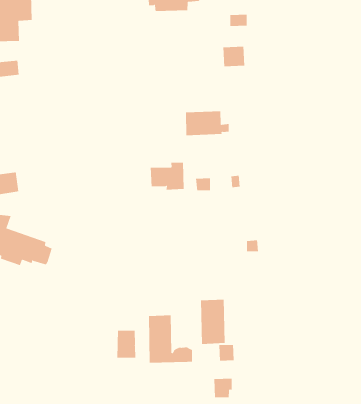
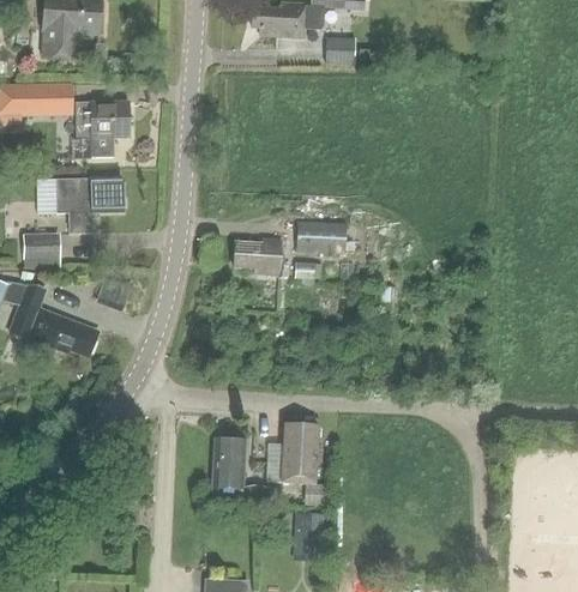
building: [223,46,245,67] -> [325,36,355,64]
building: none -> [76,99,128,155]
building: [185,111,230,136] -> [295,219,355,253]
building: none -> [56,175,125,232]
building: [117,330,136,359] -> none

